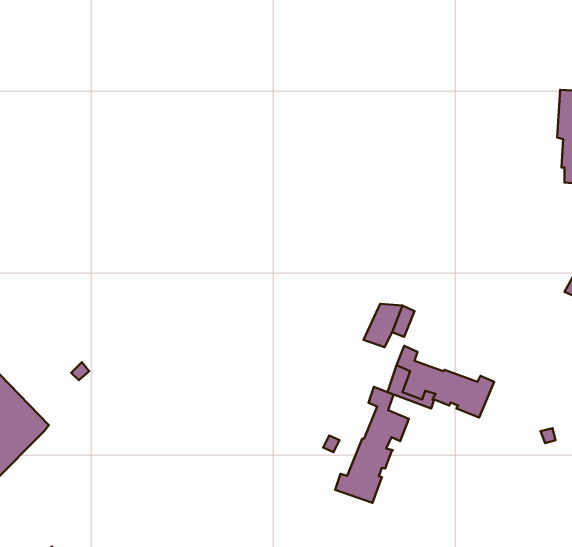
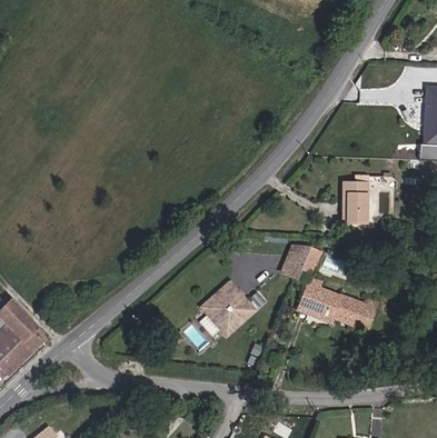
building: none -> [344,176,368,222]
building: none -> [206,285,252,331]
building: [335,387,409,503] -> none

